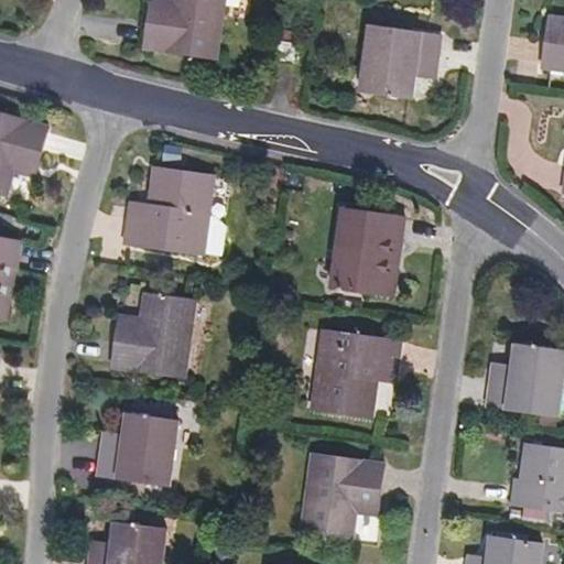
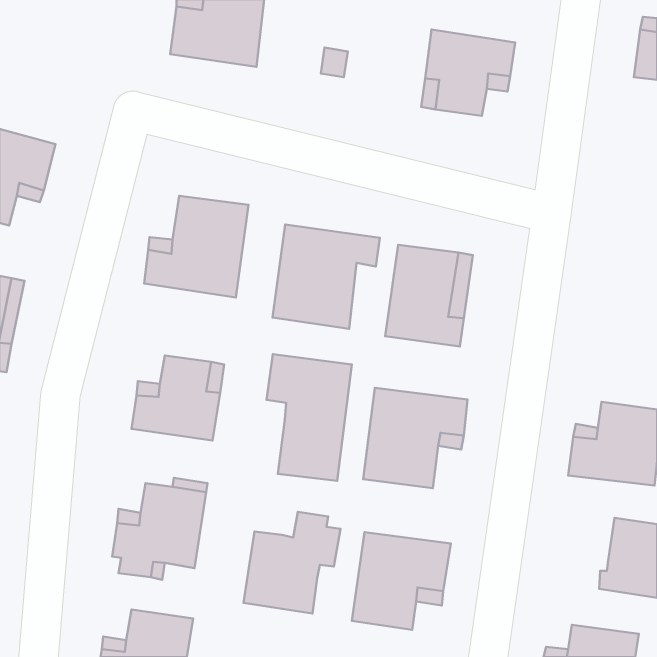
building: none -> [272,225,380,329]
building: none -> [266,354,352,481]
building: none -> [244,512,341,613]

